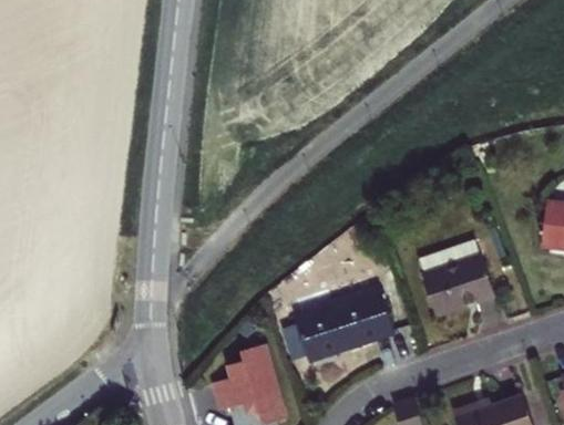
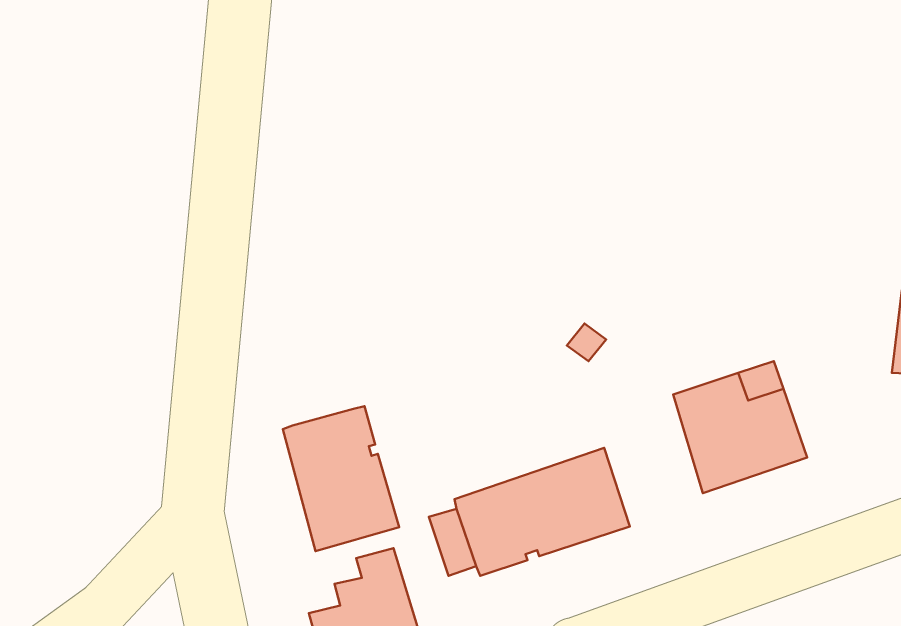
building: none -> [283,406,399,551]

